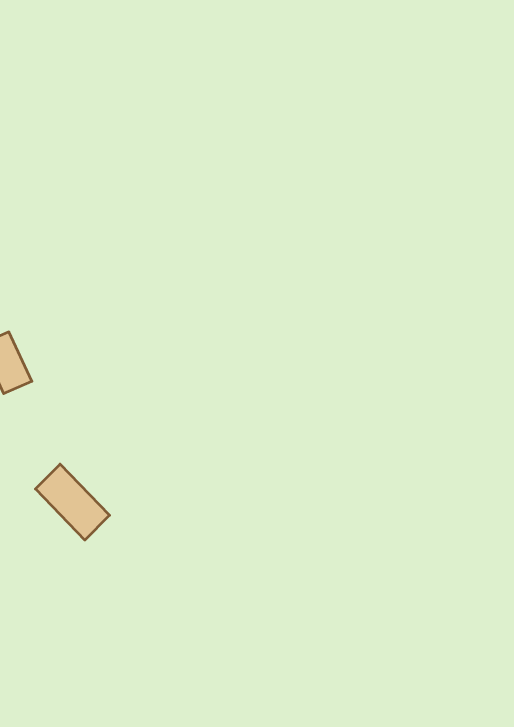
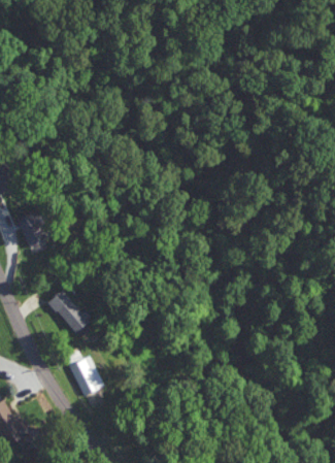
building: none -> [69,355,102,395]

